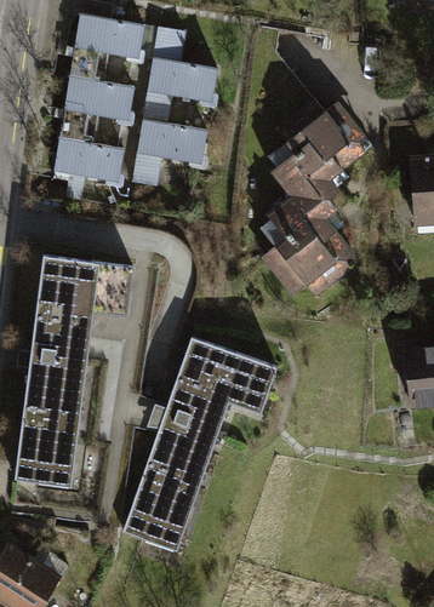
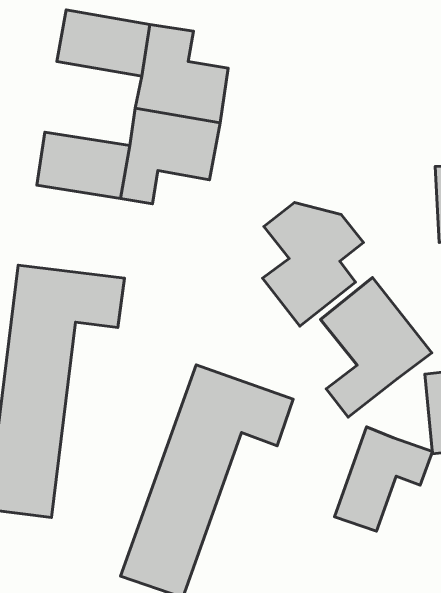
building: [57,62,145,138] -> none
building: [265,92,358,201] -> none
building: none -> [321,277,432,417]
building: none -> [334,427,432,531]

